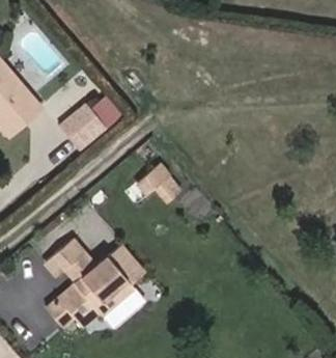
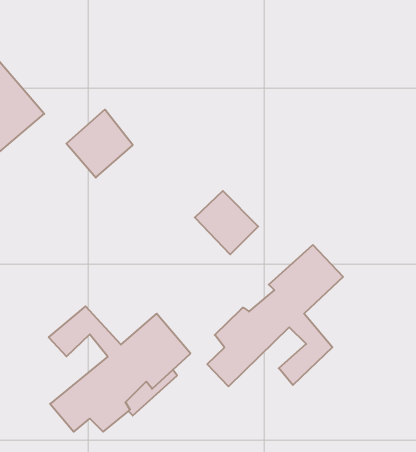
building: none -> [207,245,343,386]

